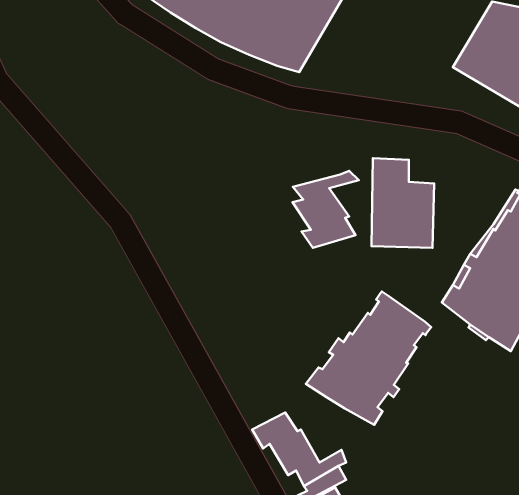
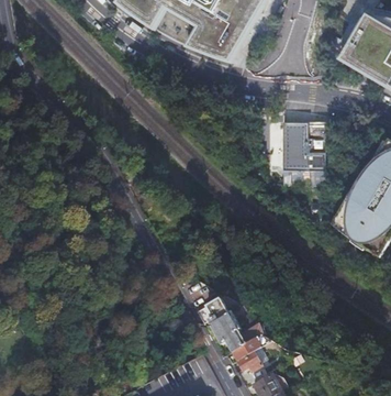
building: [293,171,359,248] -> none
building: [306,291,431,425] -> none

